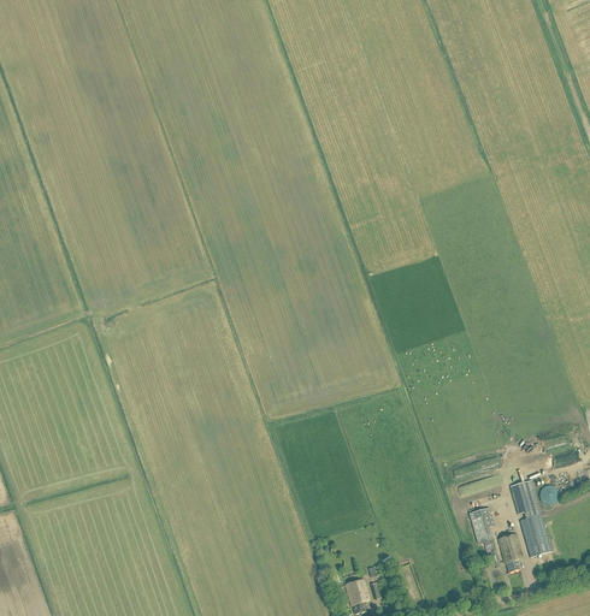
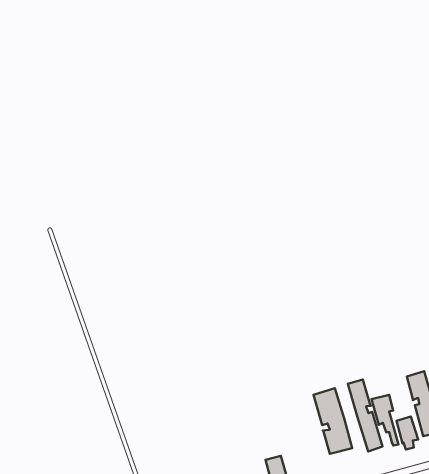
building: none -> [348,380,382,451]
building: none -> [313,388,352,454]

